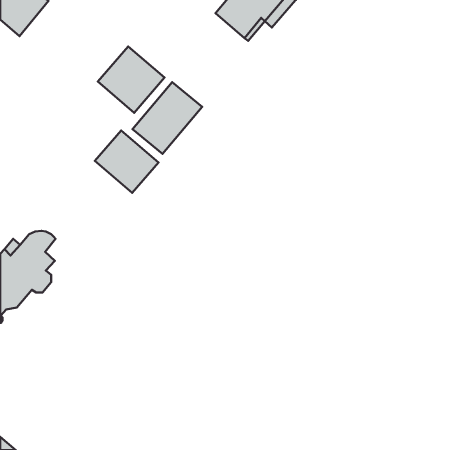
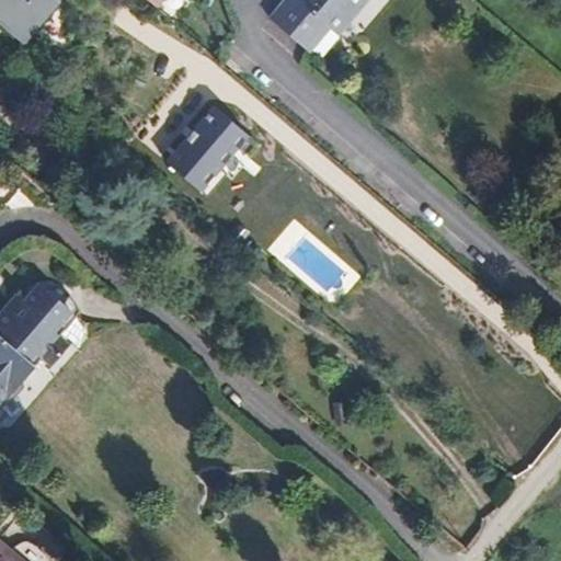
building: [98,46,165,113] -> none
building: [95,131,159,193] -> none

